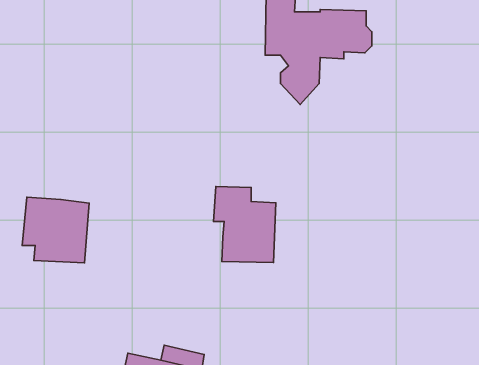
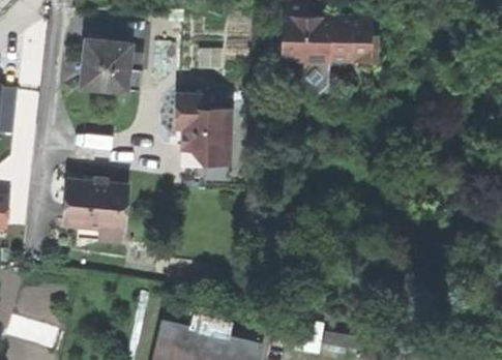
building: none -> [82,41,143,92]
building: [214,186,276,263] -> [175,95,230,162]

